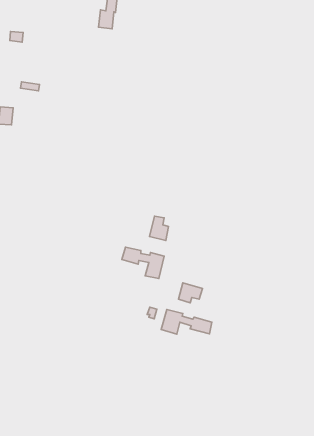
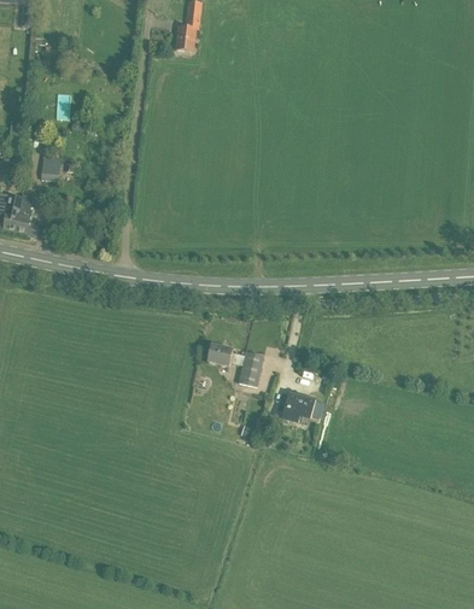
building: [150,216,169,240] -> none
building: [161,309,212,334] -> none

